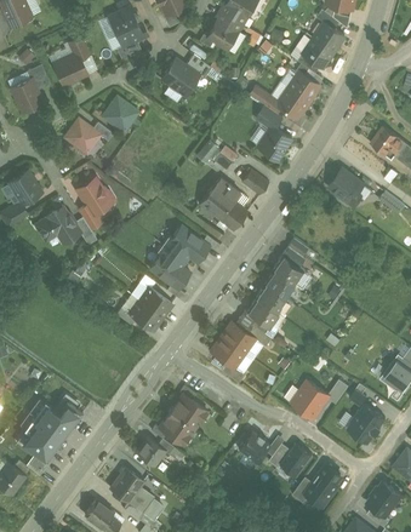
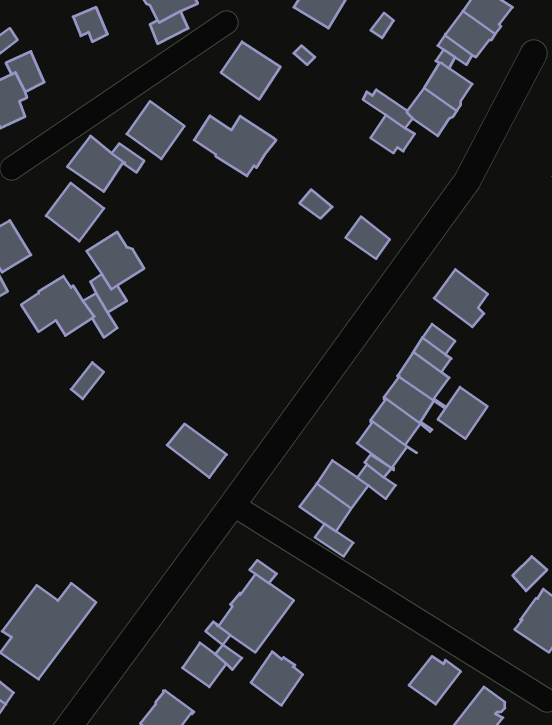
building: [52,52,86,85] -> none
building: none -> [194,116,276,176]
building: [257,125,291,160] -> none
building: none -> [46,183,104,241]
building: [329,168,363,205] -> [434,269,488,327]
building: [199,177,246,229] -> none
building: [148,224,209,288] -> none
building: none -> [438,387,487,439]
building: [137,285,173,319] -> none
building: [291,381,327,418] -> none
building: [238,430,270,464] -> [251,652,303,705]

